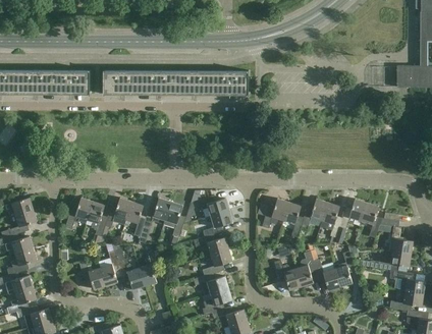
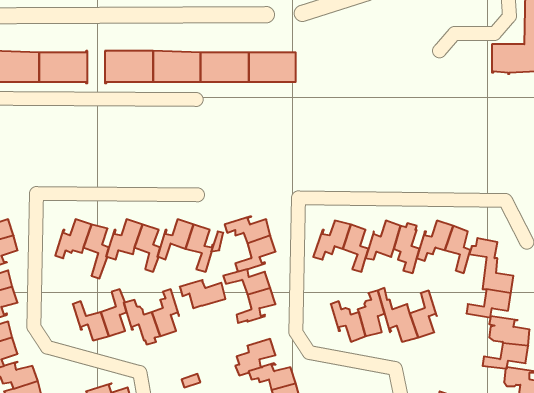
building: [194,274,228,295] -> [180,280,225,308]

